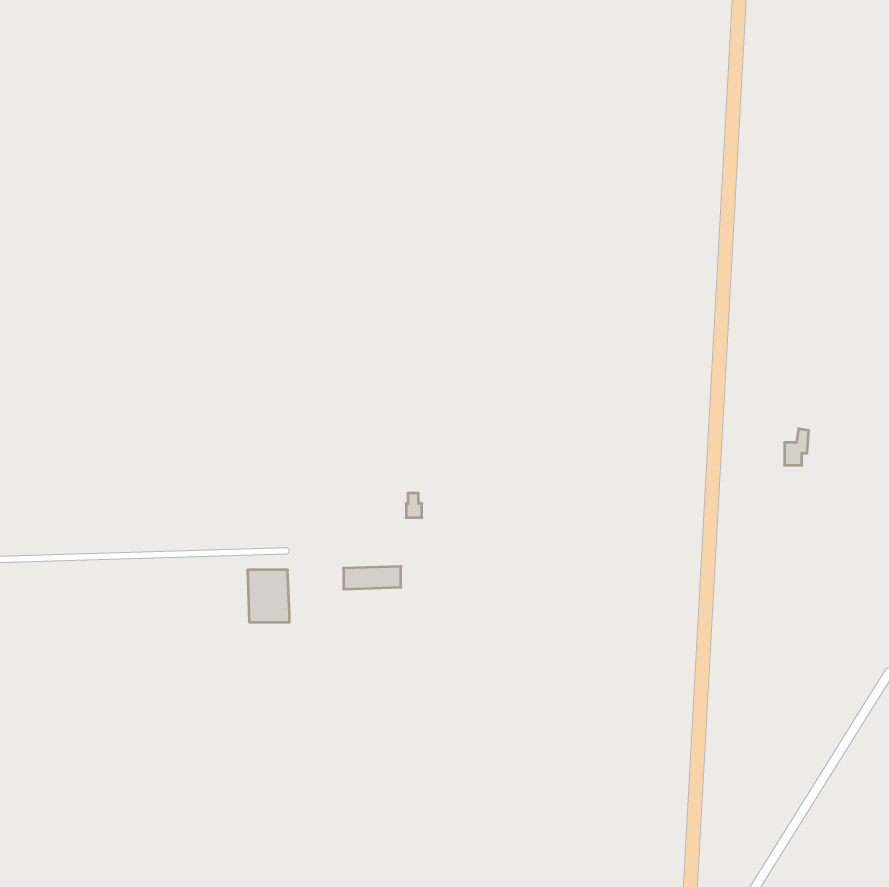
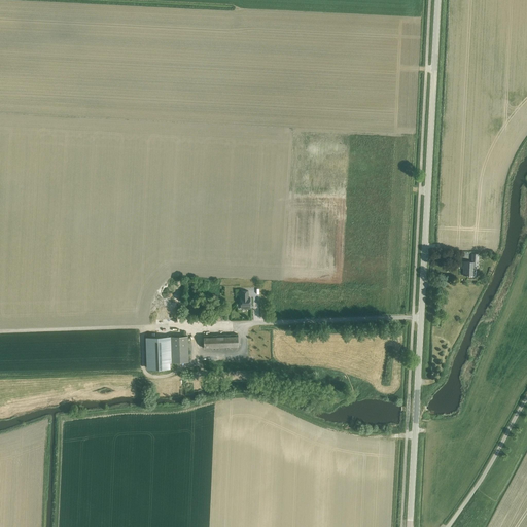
building: none -> [170,338,189,364]

